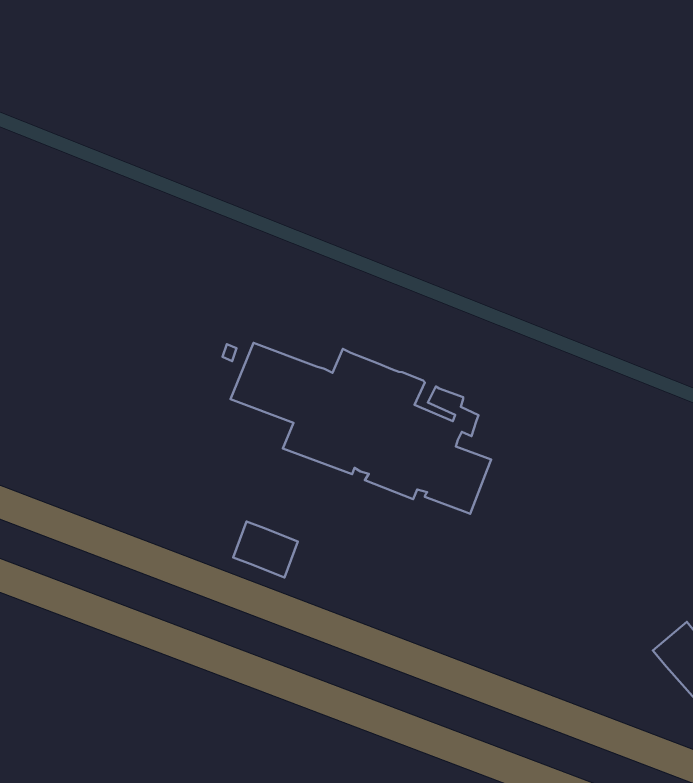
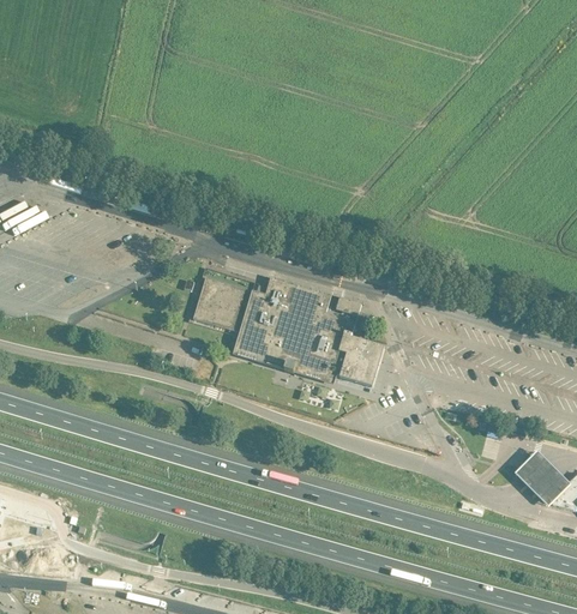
building: [233,521,298,577] -> none

